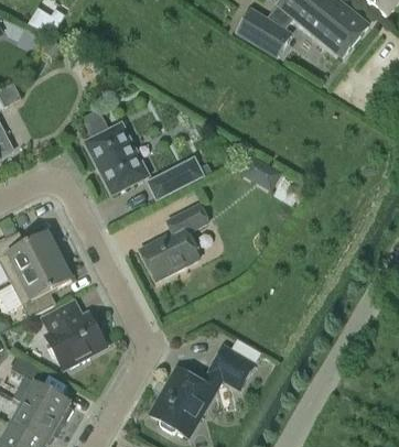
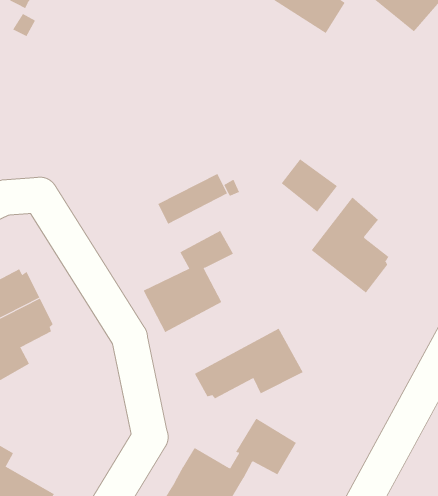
building: [85,121,149,193] -> none
building: none -> [311,197,389,293]
building: none -> [194,328,304,399]
building: [42,299,106,366] -> none

